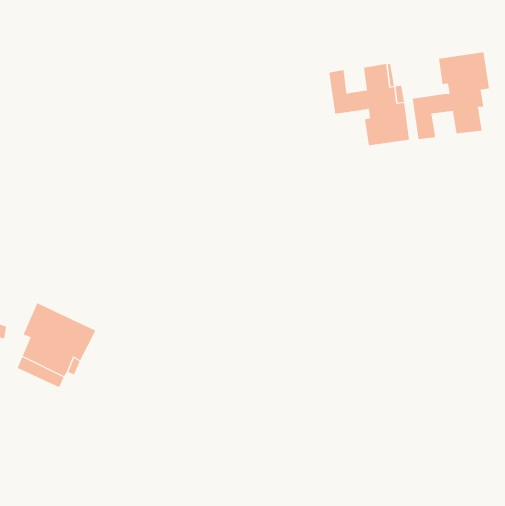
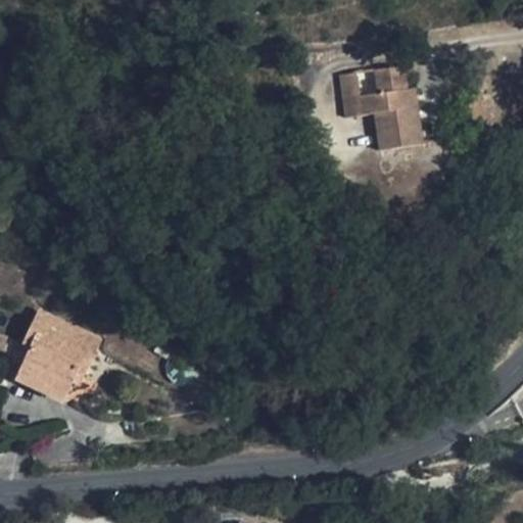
building: [412,52,490,140] -> none

